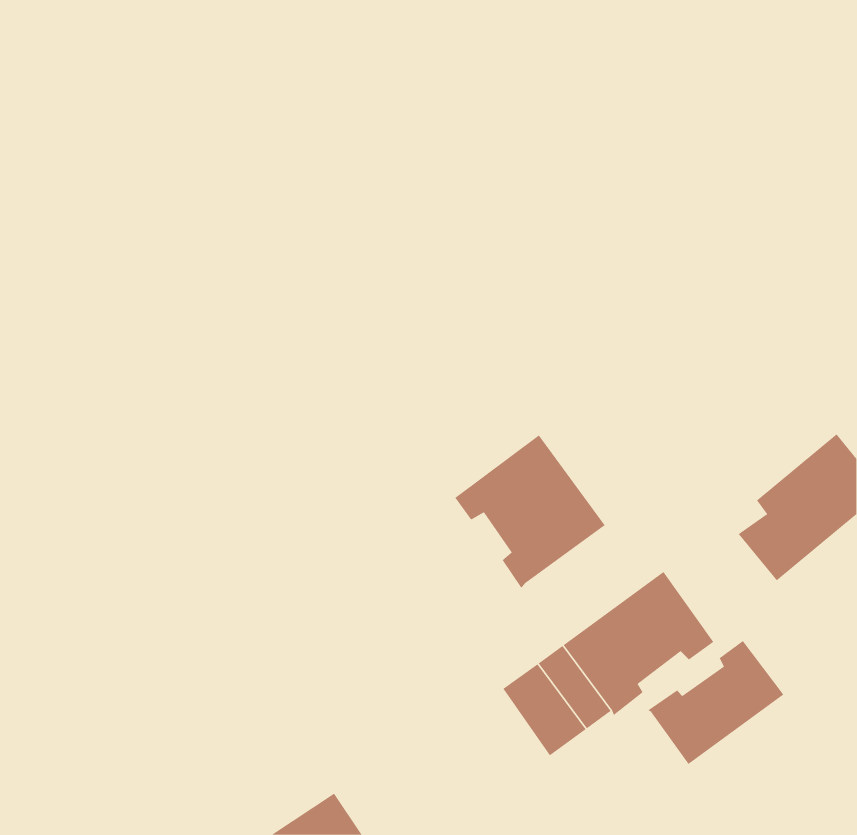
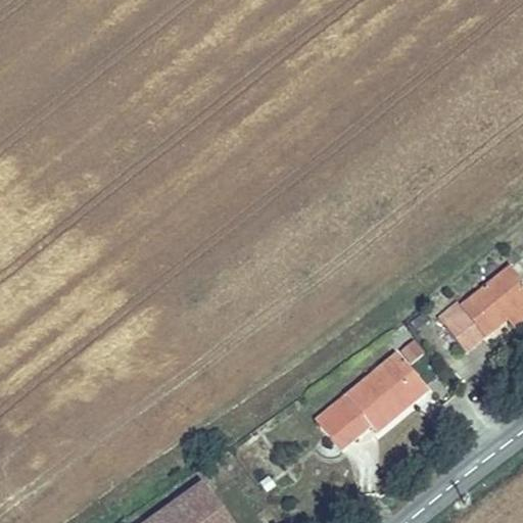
building: [455,435,606,589] -> none
building: [647,640,784,765] -> none

